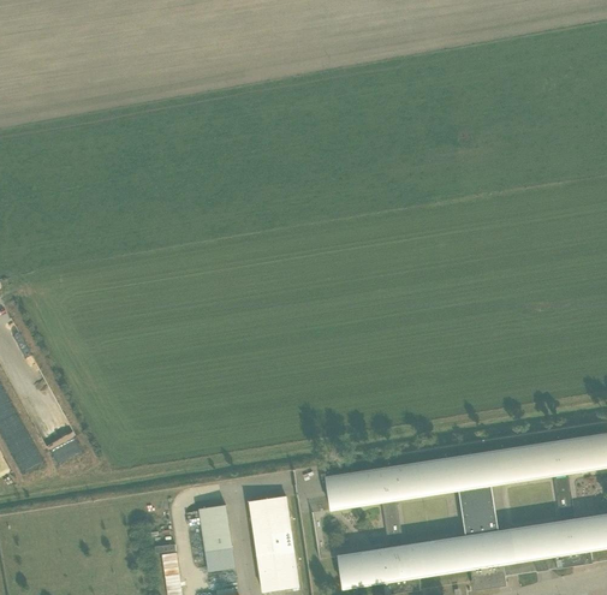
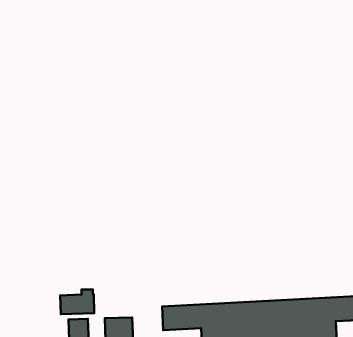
building: none -> [60,289,94,314]

